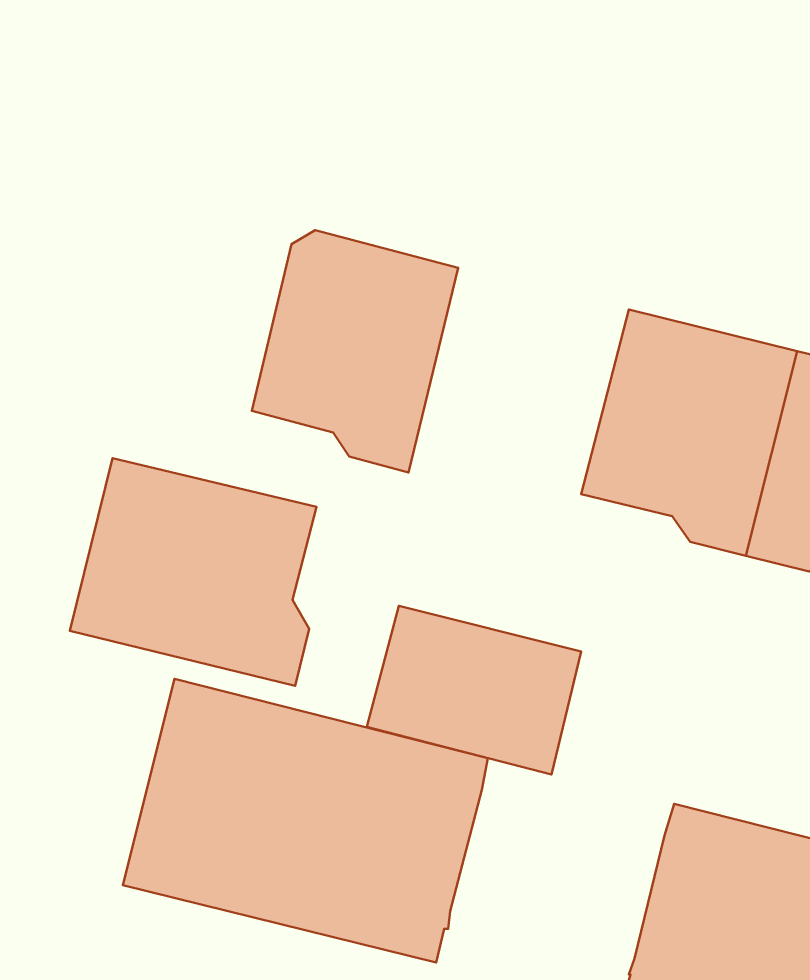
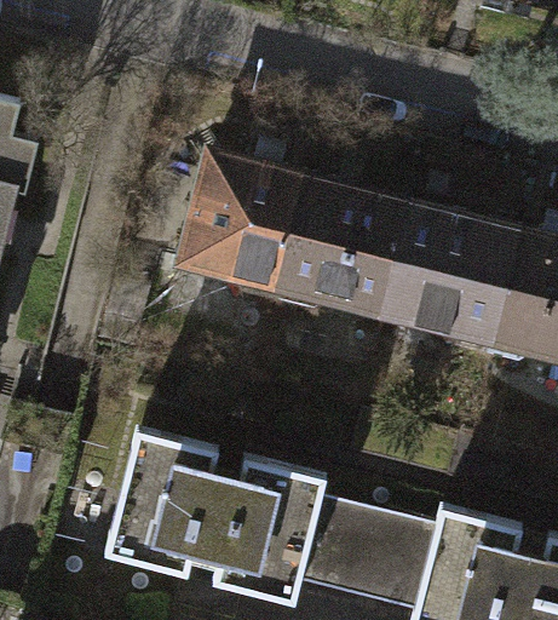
building: none -> [280,179,414,317]
building: [70,458,317,686] -> none
building: [367,606,581,775] -> [305,498,436,601]

